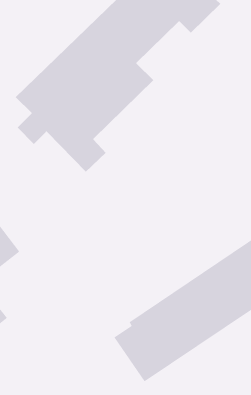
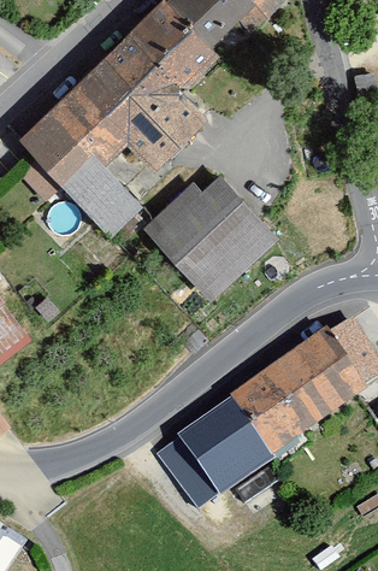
building: none -> [142,172,277,299]

